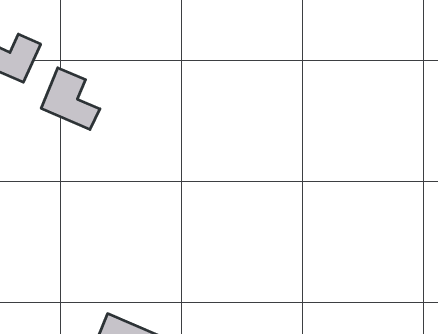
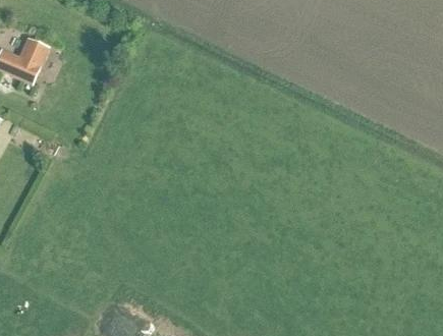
building: [41,68,100,130] -> none

